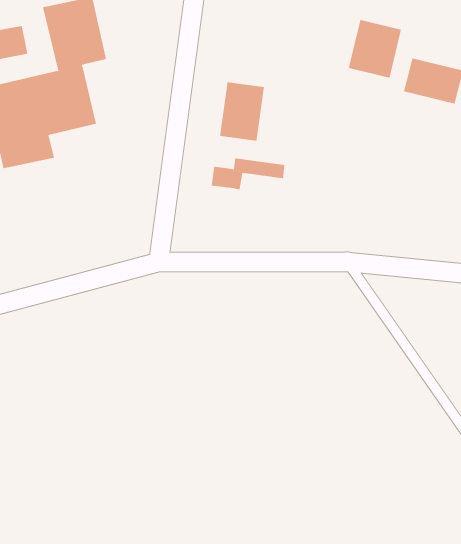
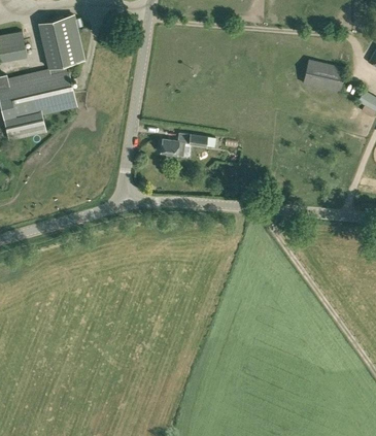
building: [348,19,402,78] -> none
building: [220,82,265,142] -> none

